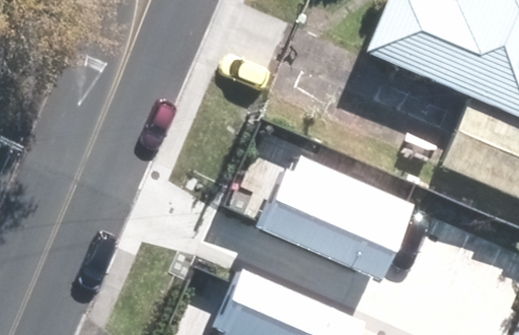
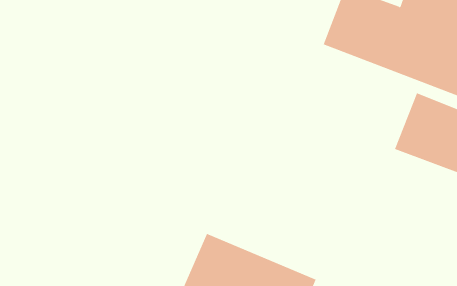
building: [256,153,409,274] -> none

